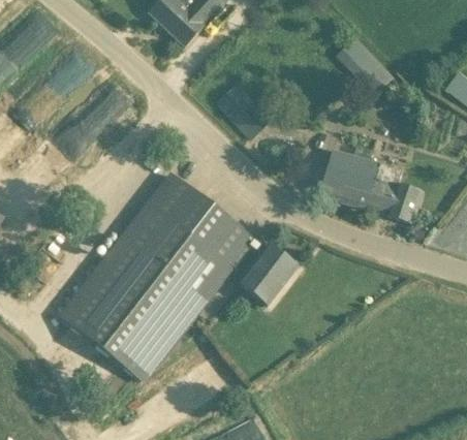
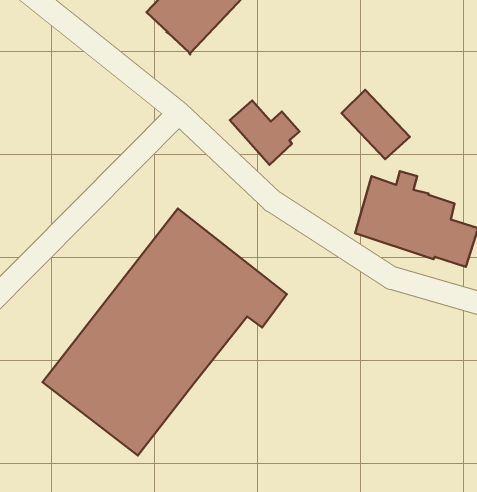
building: [337,36,394,94] -> [342,90,410,159]
building: [236,243,295,306] -> none

